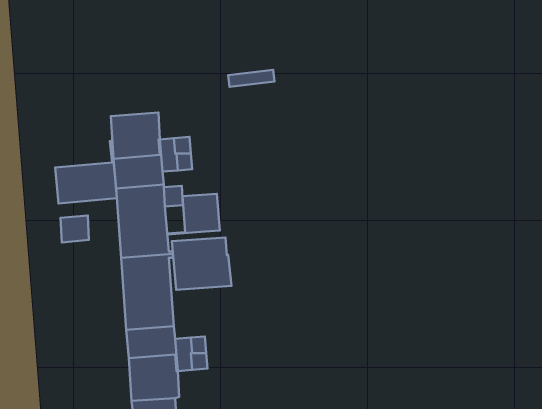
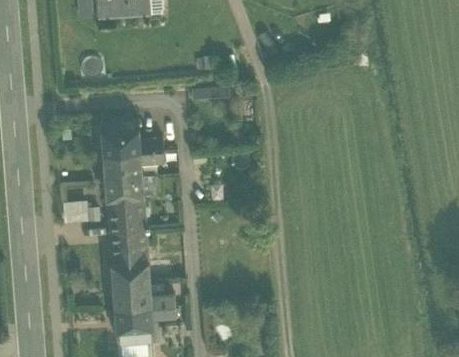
building: [55,141,117,204] -> none
building: [167,194,220,235] -> none
building: [172,237,231,290] -> none

